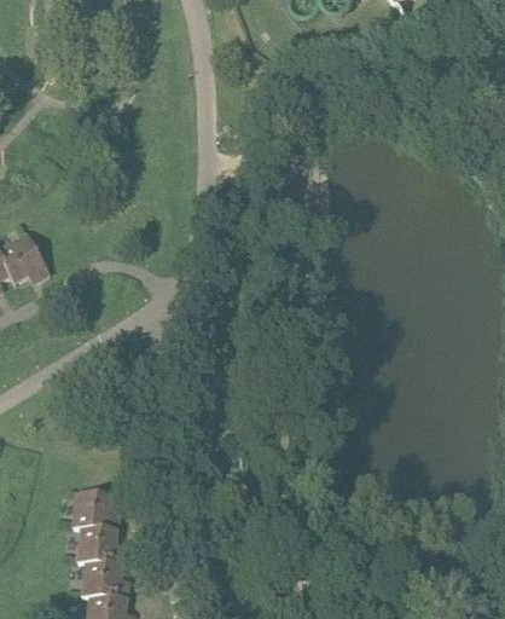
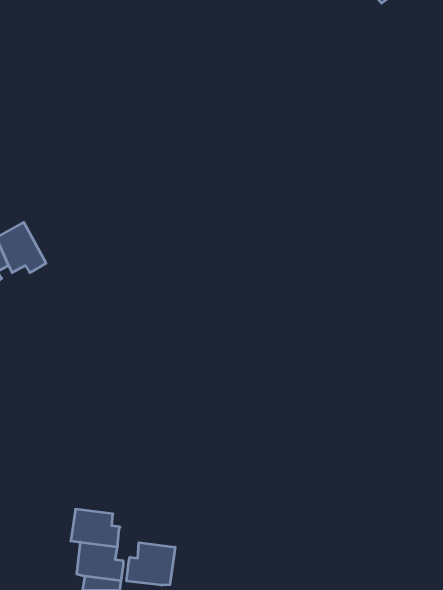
building: [71,491,120,533] -> none
building: none -> [127,543,175,585]

